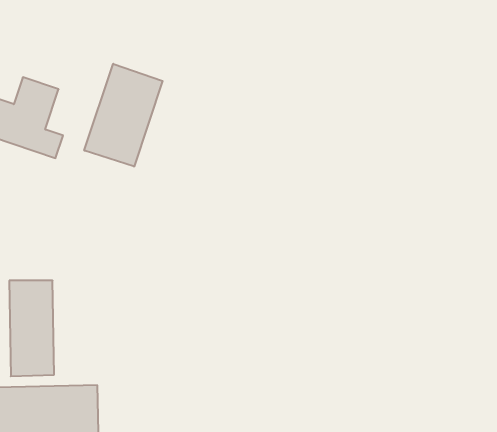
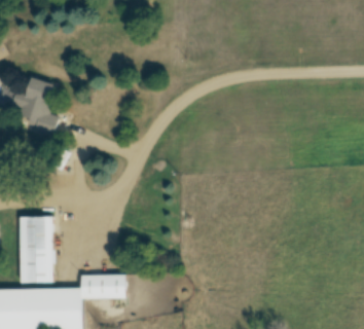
building: [84,64,163,167] -> none
building: none -> [84,275,126,300]

